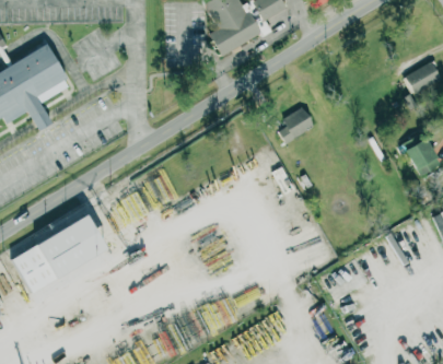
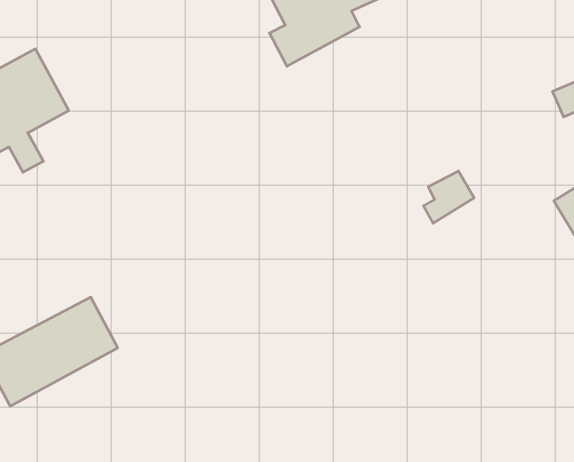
building: [280,107,315,143] -> [424,171,474,223]

